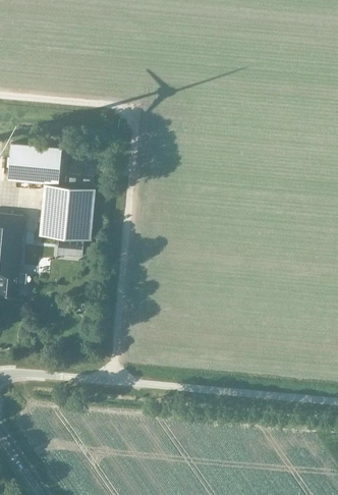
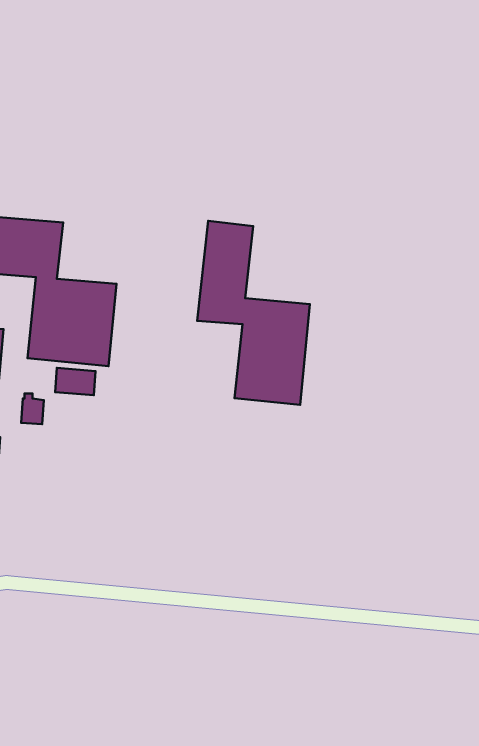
building: none -> [197,221,310,405]

